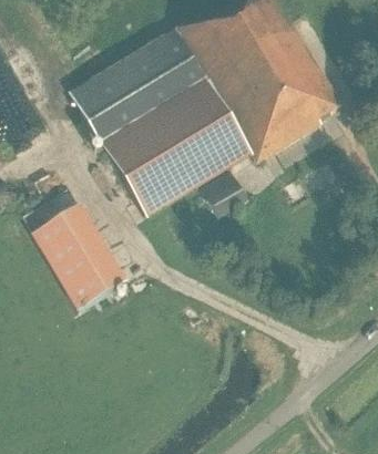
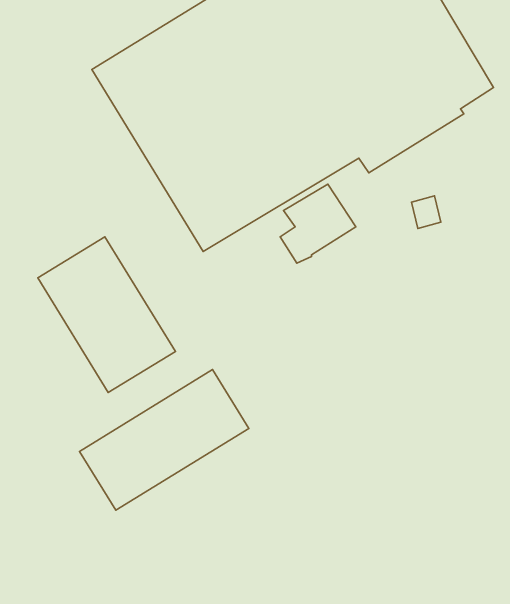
building: none -> [79,370,249,510]

